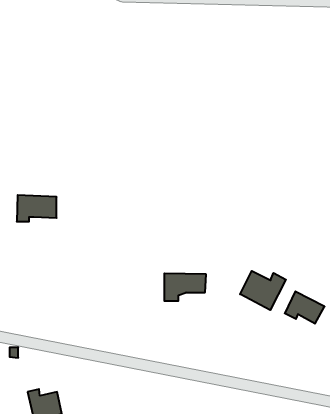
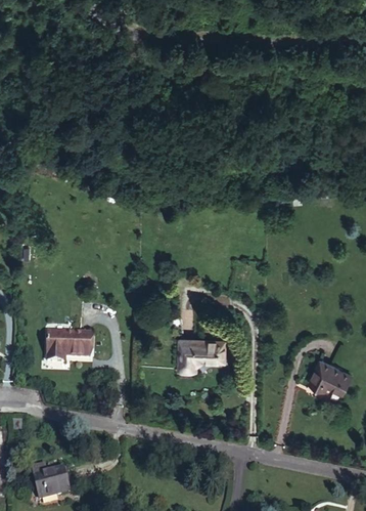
building: [17,195,57,222] -> [47,331,90,359]
building: [240,271,286,310] -> none

